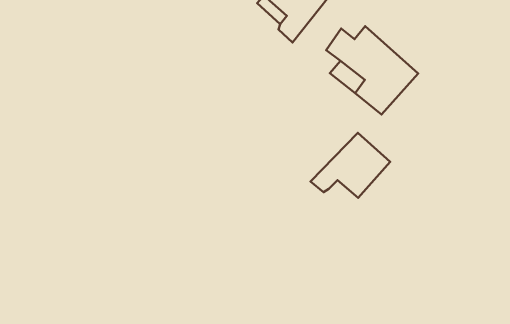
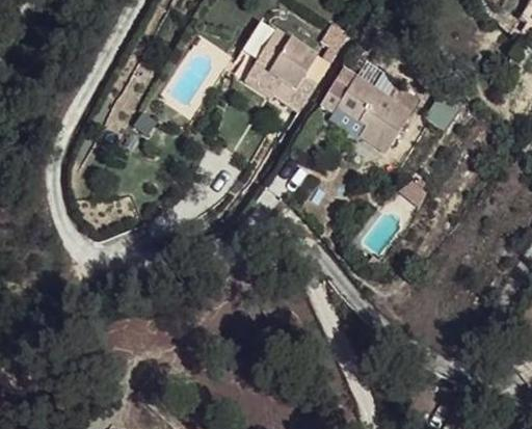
building: [311,133,390,198] -> none

